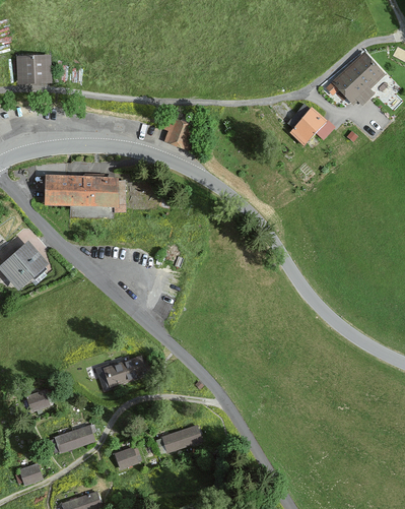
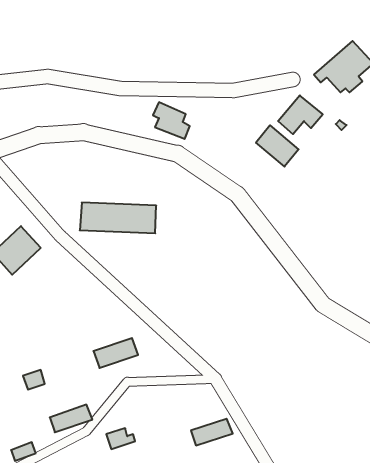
building: [14,54,51,85] -> none
building: none -> [256,125,299,167]
building: [41,175,119,206] -> [80,203,156,233]
building: [160,427,203,454] -> [191,419,233,445]

